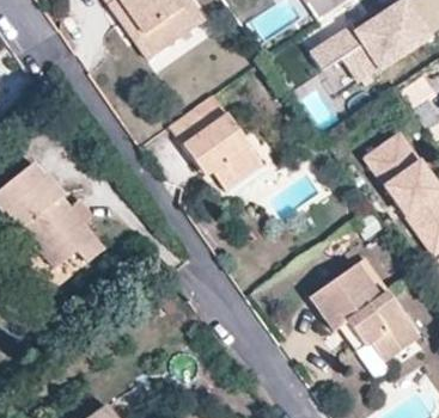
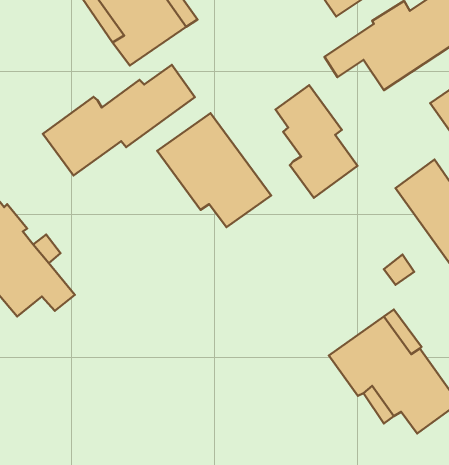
building: none -> [43,65,195,175]
building: none -> [275,85,357,198]

